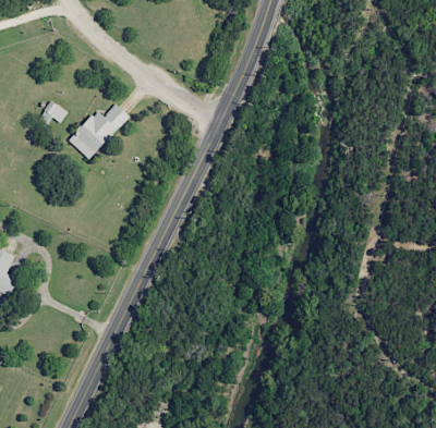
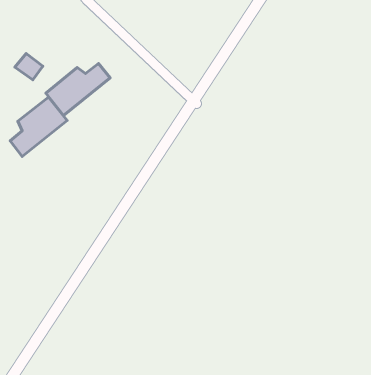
building: none -> [10,97,67,157]

